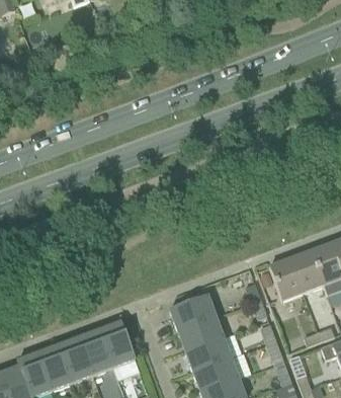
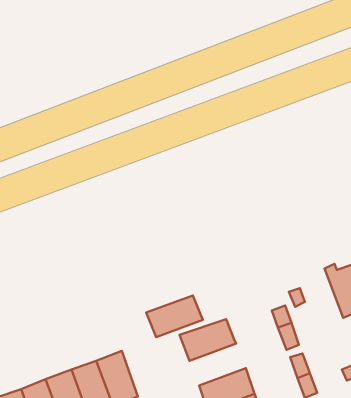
building: [269,253,304,301] -> none
building: [177,315,224,349] -> [146,295,203,337]

